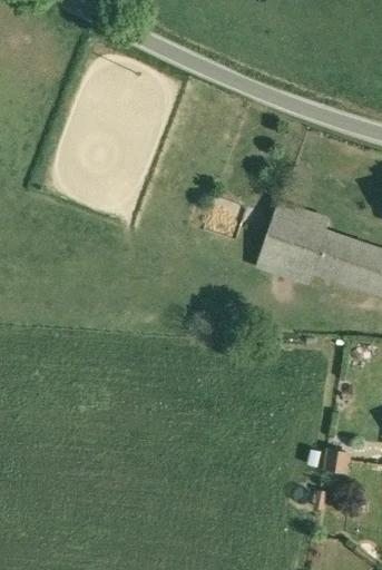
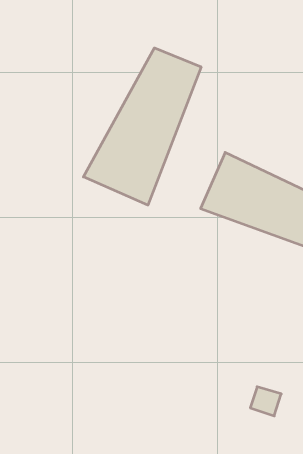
building: none -> [83,48,201,205]

